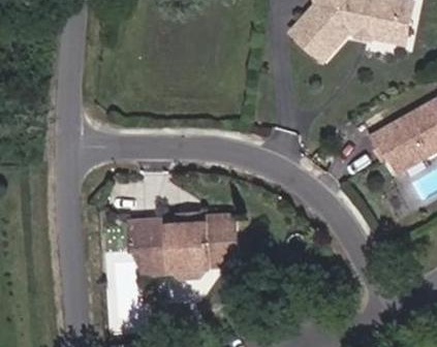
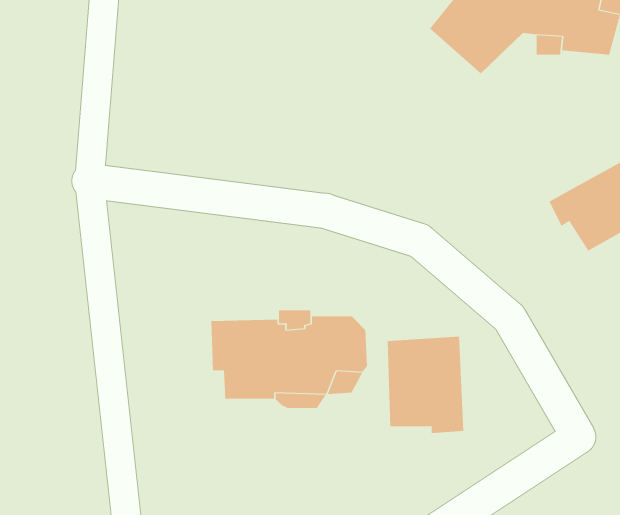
building: none -> [387,336,464,434]

